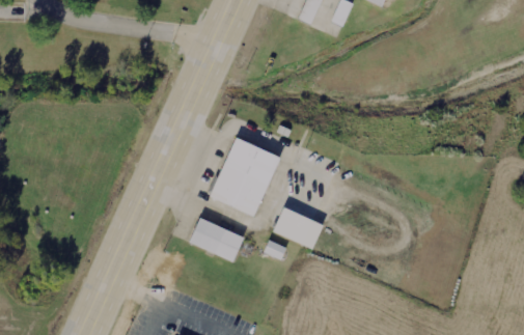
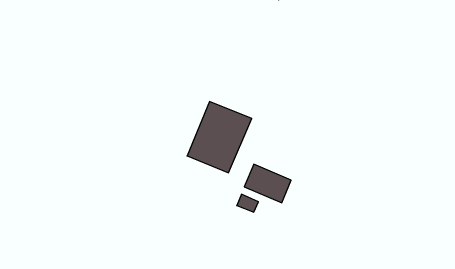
building: [189,218,245,262] -> none

